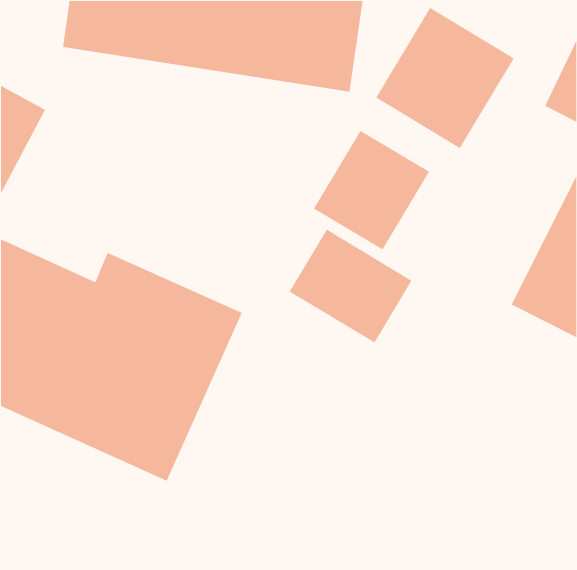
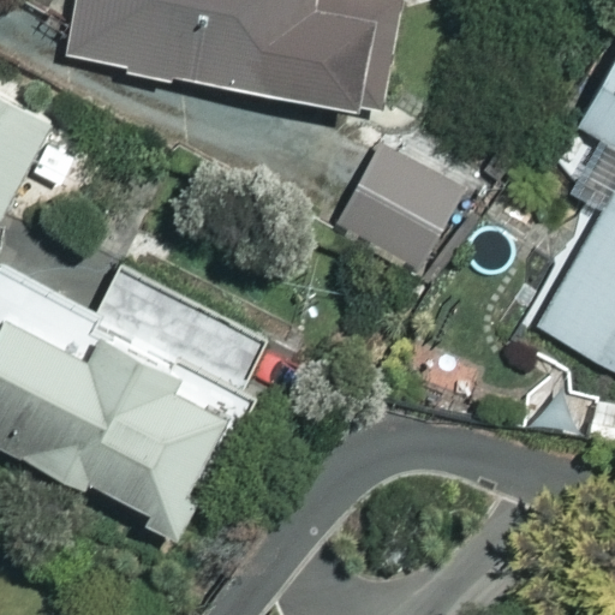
building: [375,7,515,149] -> none
building: [289,229,413,344] -> none

